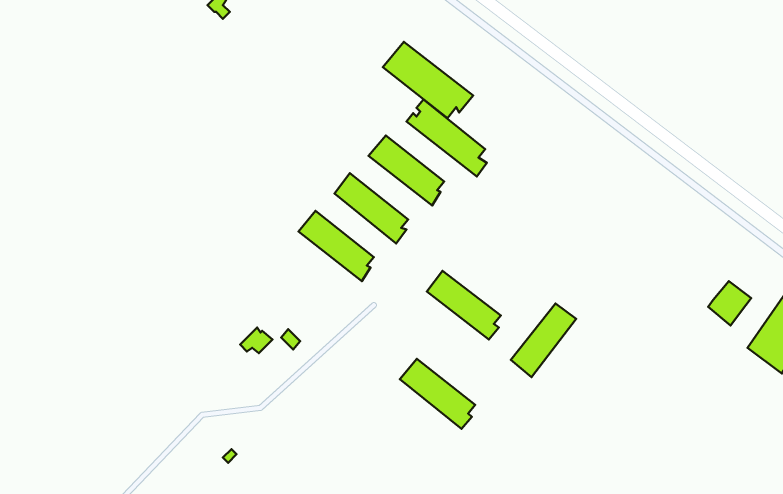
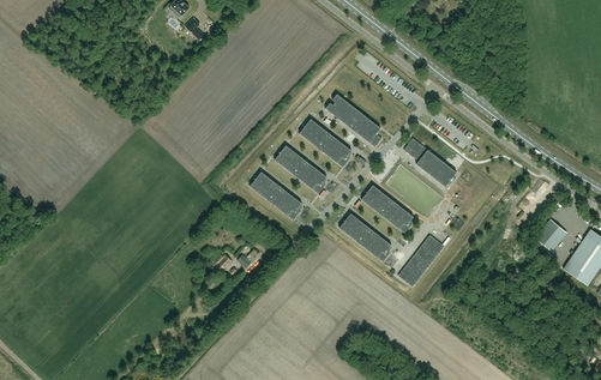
building: [383,42,473,118] -> none
building: none -> [403,137,456,186]
building: [400,359,475,429] -> [360,183,413,233]

